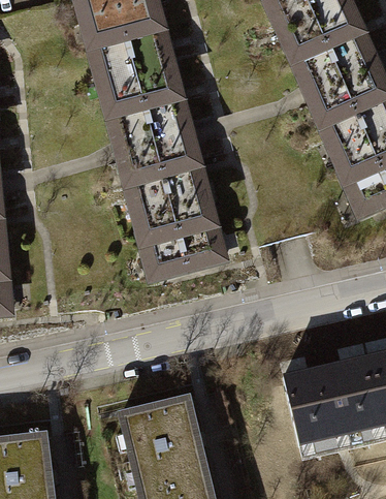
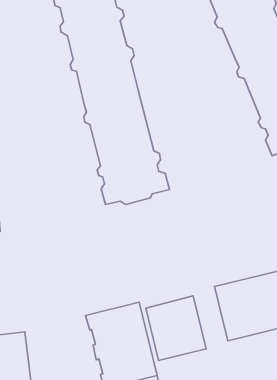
building: none -> [146,296,206,361]

